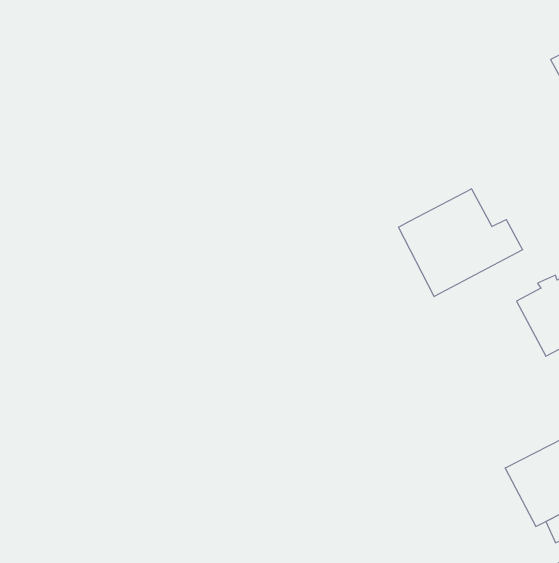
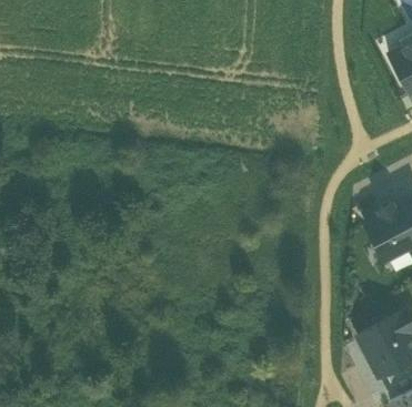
building: [399,189,523,297] -> none

